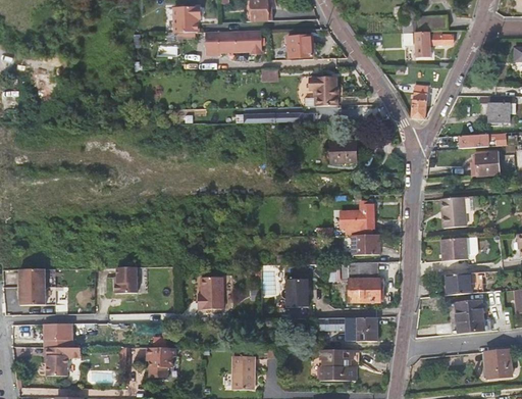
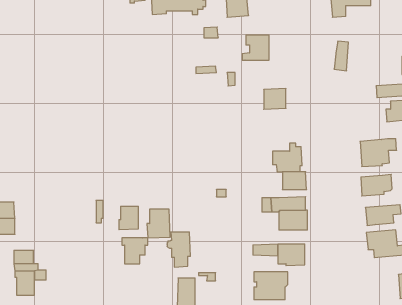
building: [114,266,137,293] -> [119,206,138,230]
building: [281,279,308,318] -> [167,232,190,267]
building: [145,347,174,377] -> [122,238,148,264]

